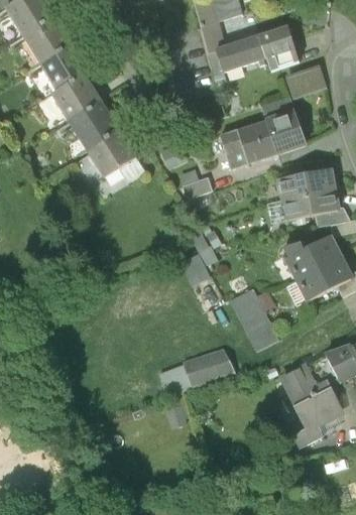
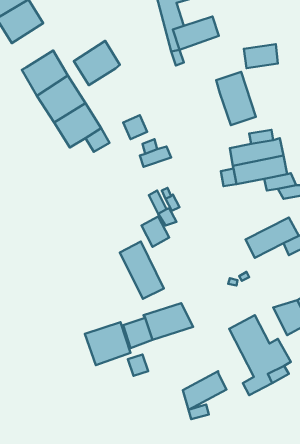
building: [258,24,301,71] -> none
building: [38,41,89,90] -> [74,41,120,85]
building: [219,118,278,168] -> none
building: [280,235,342,278] -> none
building: [231,287,279,350] -> [120,242,164,299]
building: none -> [85,322,130,365]
building: none -> [183,371,226,410]

